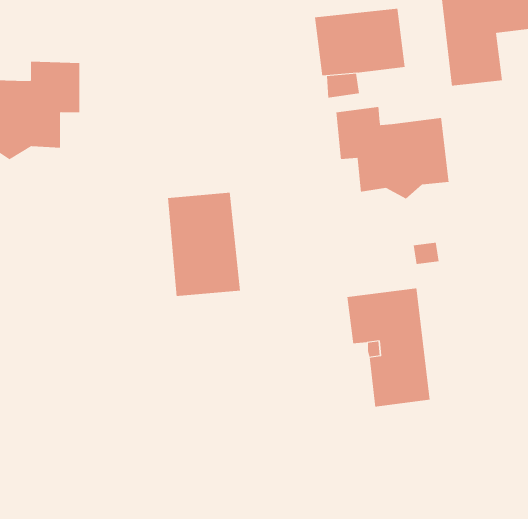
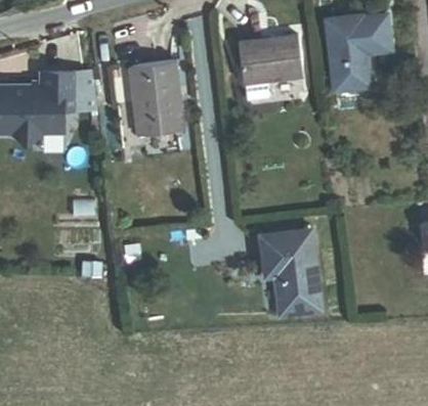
building: [336,106,449,200] -> none
building: [167,192,241,297] -> [131,61,182,134]

